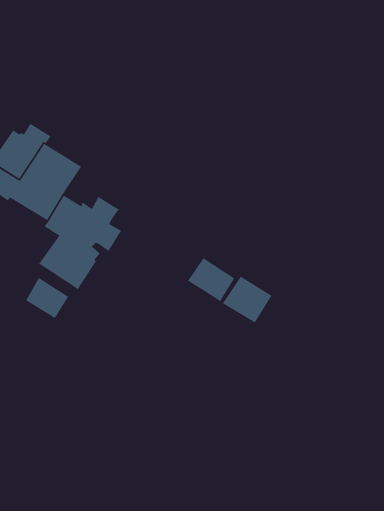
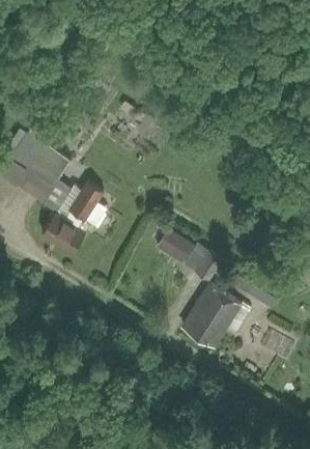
building: [25,277,69,319] -> none
building: none -> [181,281,250,346]

